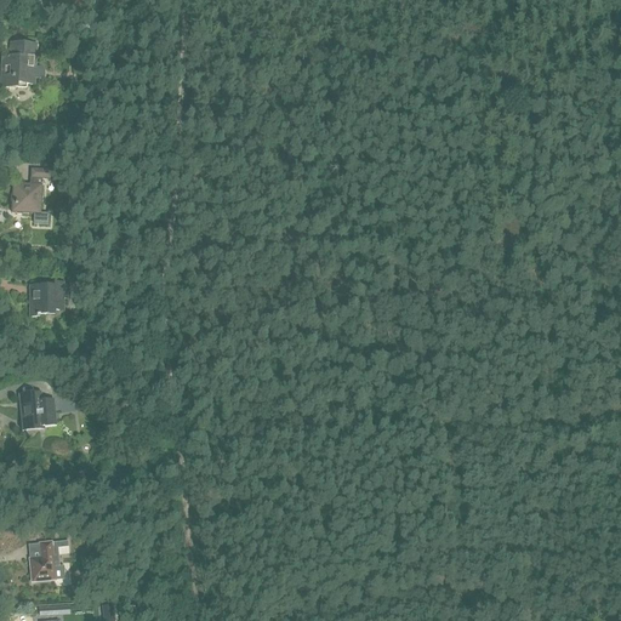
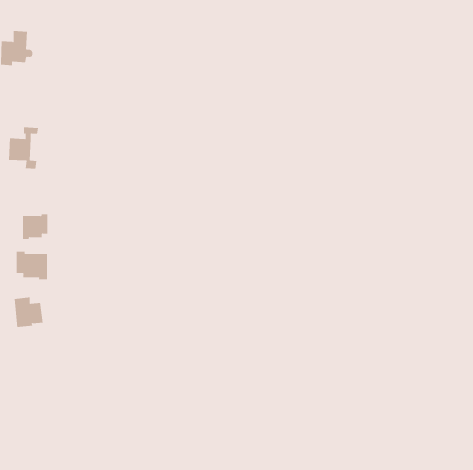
building: none -> [16,251,47,280]
building: [29,540,61,580] -> none

